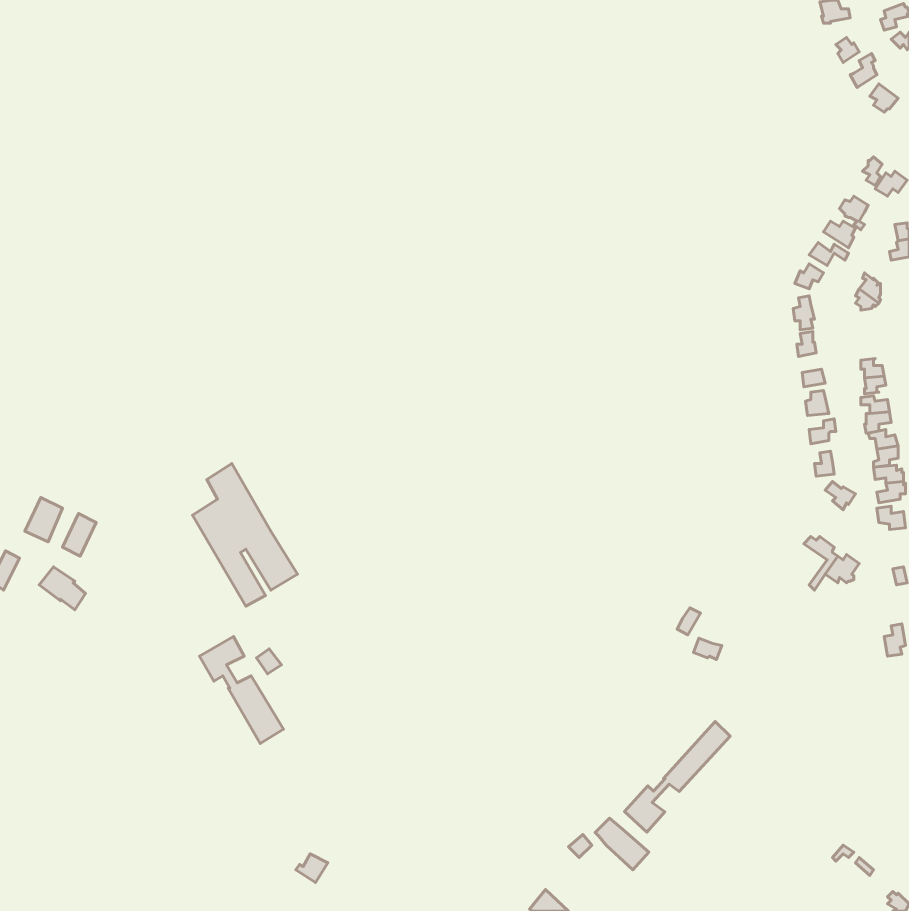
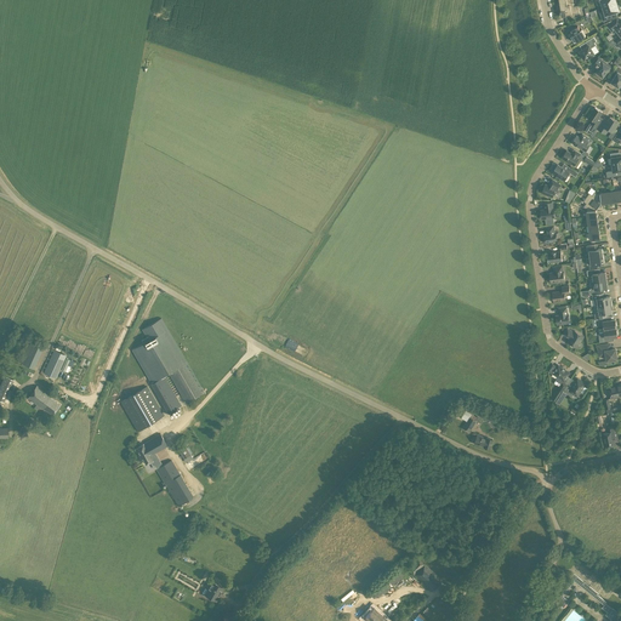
building: none -> [119,386,163,431]
building: [625,721,730,832] -> none

